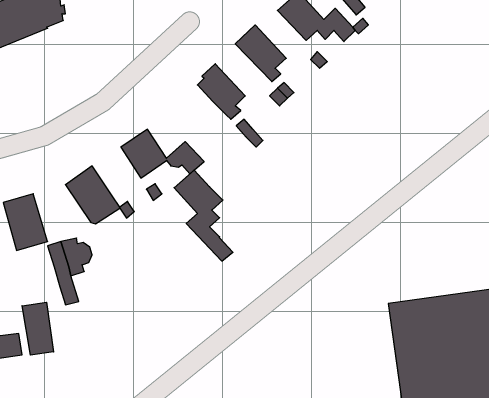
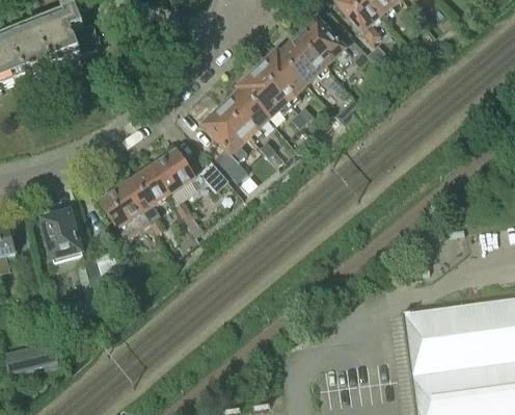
building: none -> [277,37,325,82]
building: none -> [239,69,293,118]
building: none -> [125,165,170,211]
building: [174,170,233,261] -> [205,107,260,192]
building: [22,302,54,355] -> none

